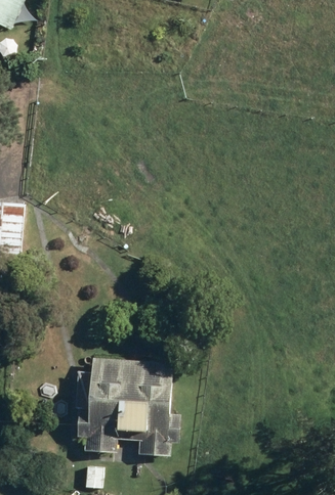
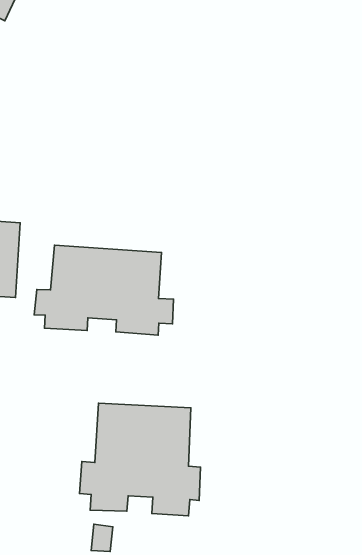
building: none -> [34,245,174,335]

